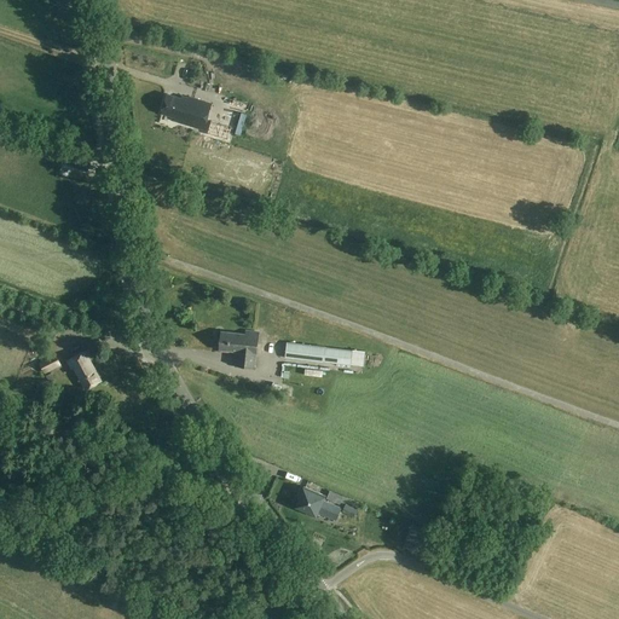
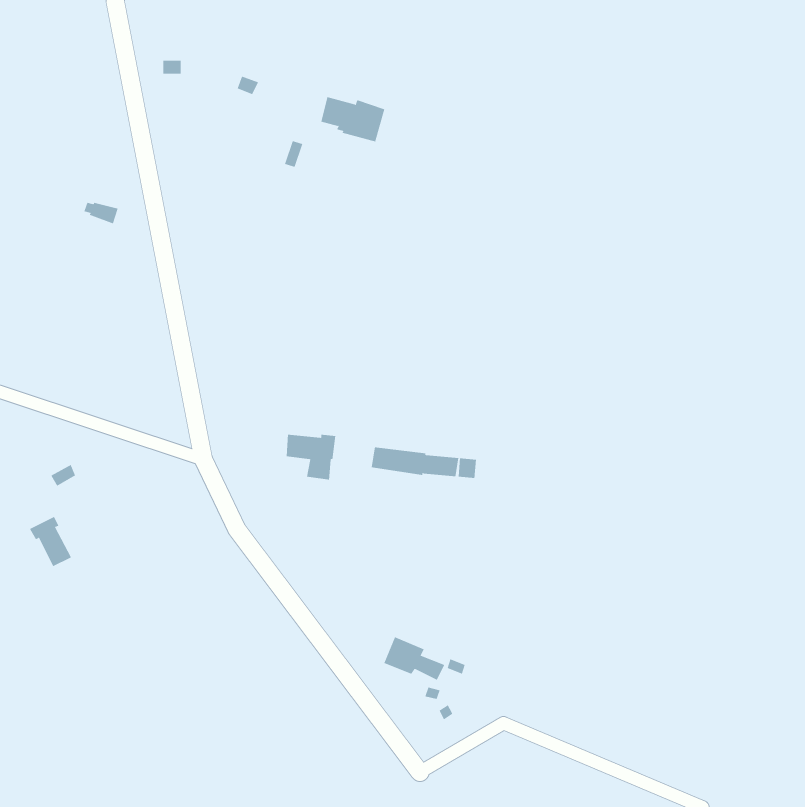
building: [161,94,210,129] -> [320,96,385,142]
building: [66,351,99,389] -> [29,516,72,567]

